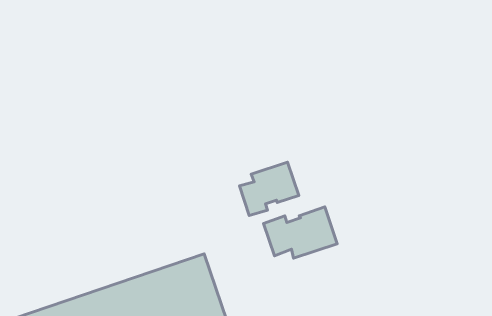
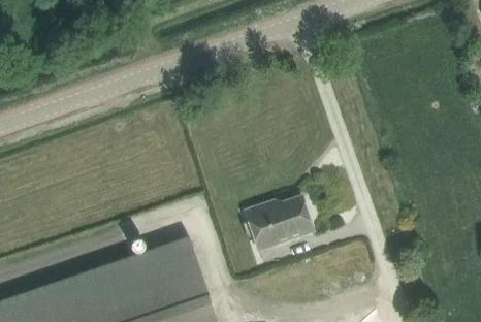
building: [240,162,299,215] -> none

